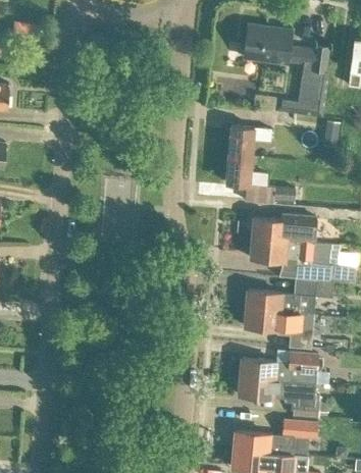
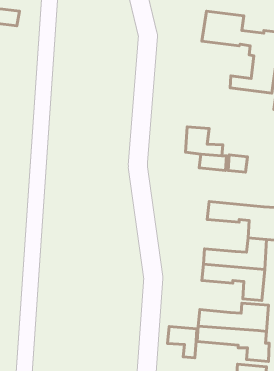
building: [227,125,270,156] -> none
building: [252,215,316,244] -> none
building: none -> [168,326,197,358]

